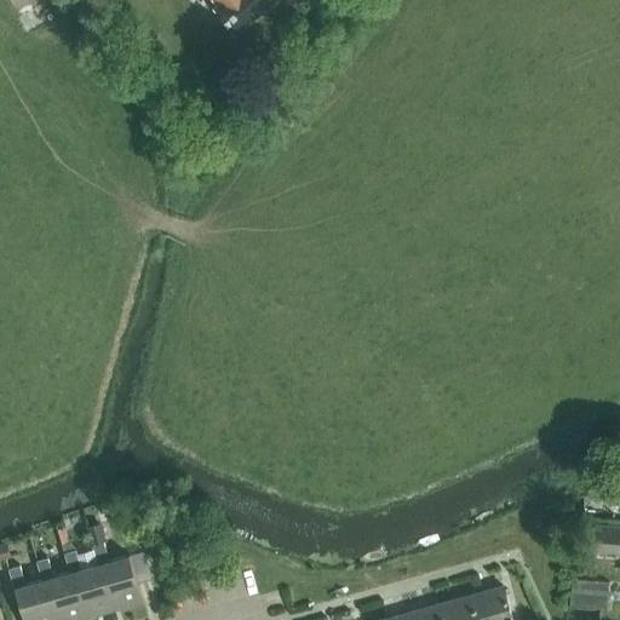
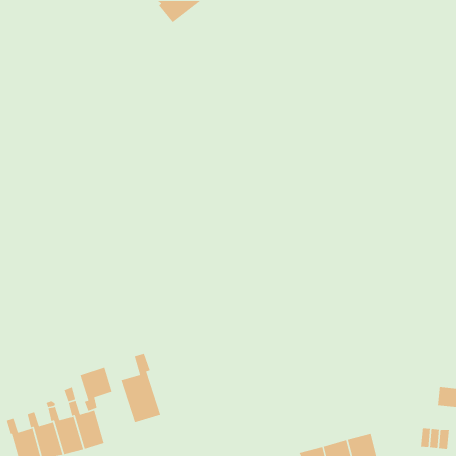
building: none -> [121,353,161,423]
building: none -> [80,367,112,412]

